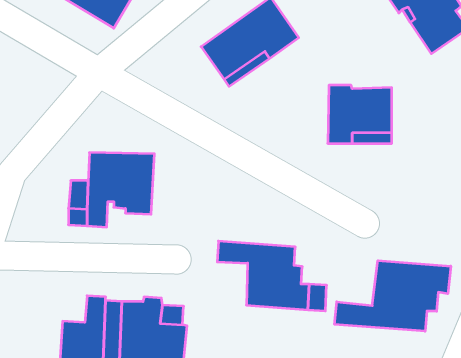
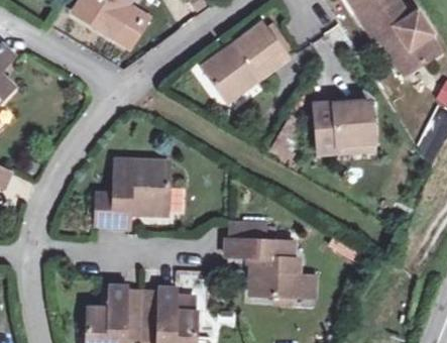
building: [335,261,451,331] -> none

